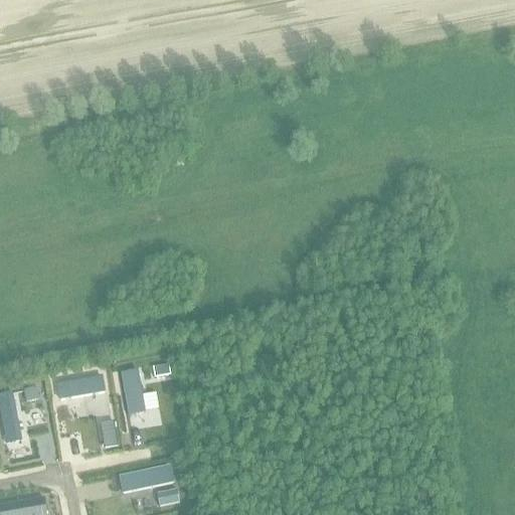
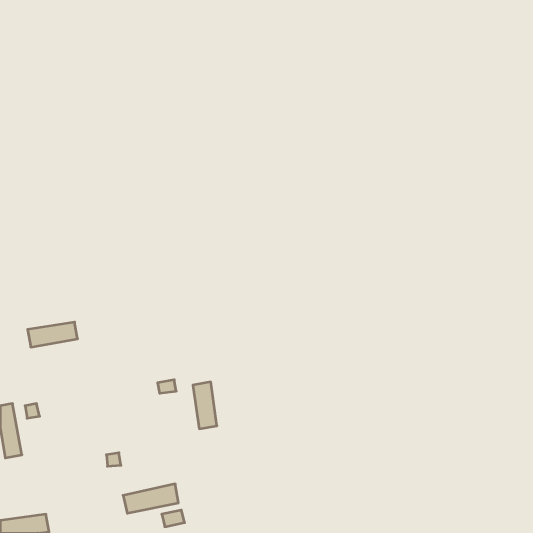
building: [122,367,145,412] -> [193,382,217,429]
building: [56,373,105,397] -> [28,322,78,347]

